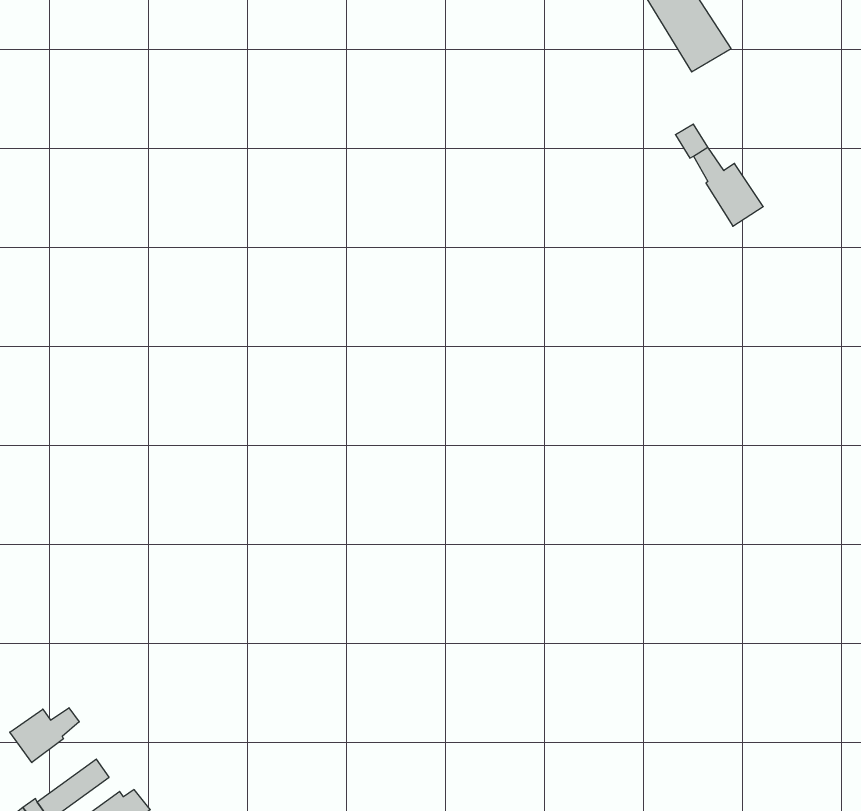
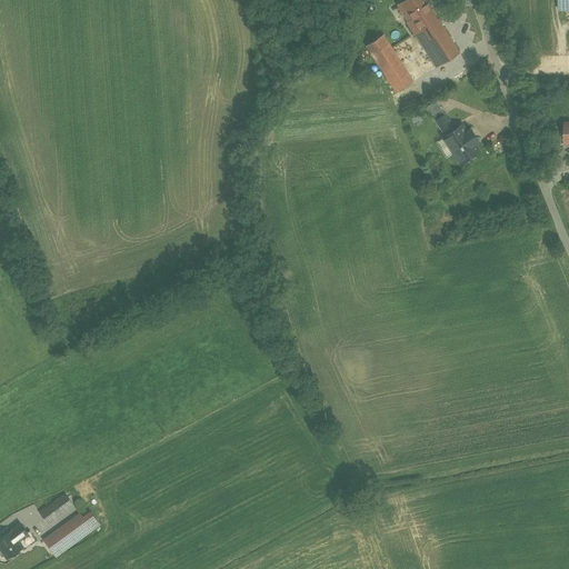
building: none -> [366,33,413,91]
building: [10,708,79,763] -> none

